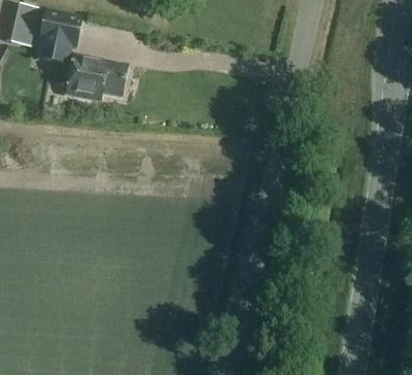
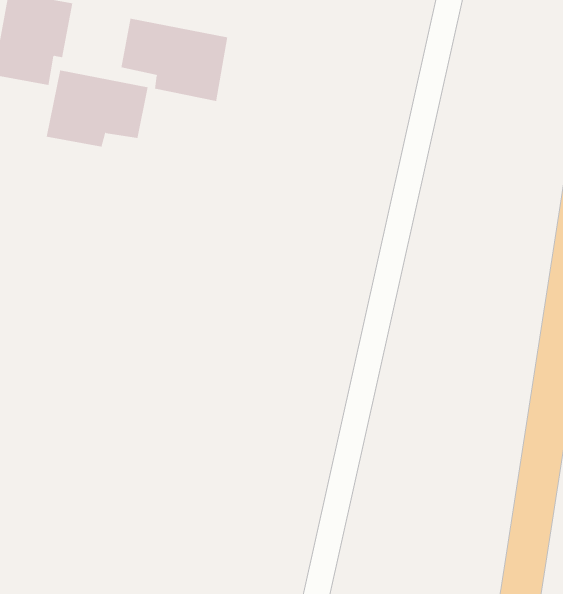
building: none -> [121,18,228,102]

